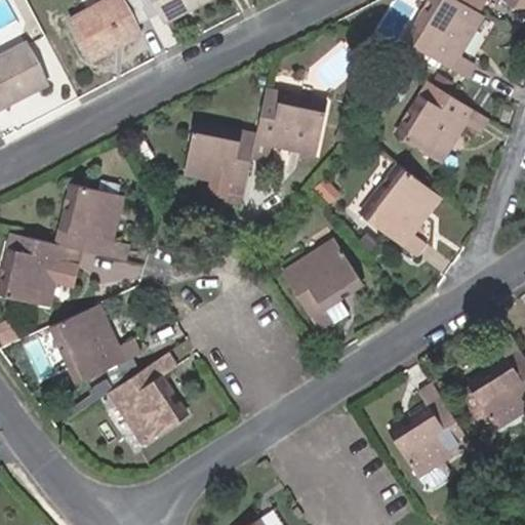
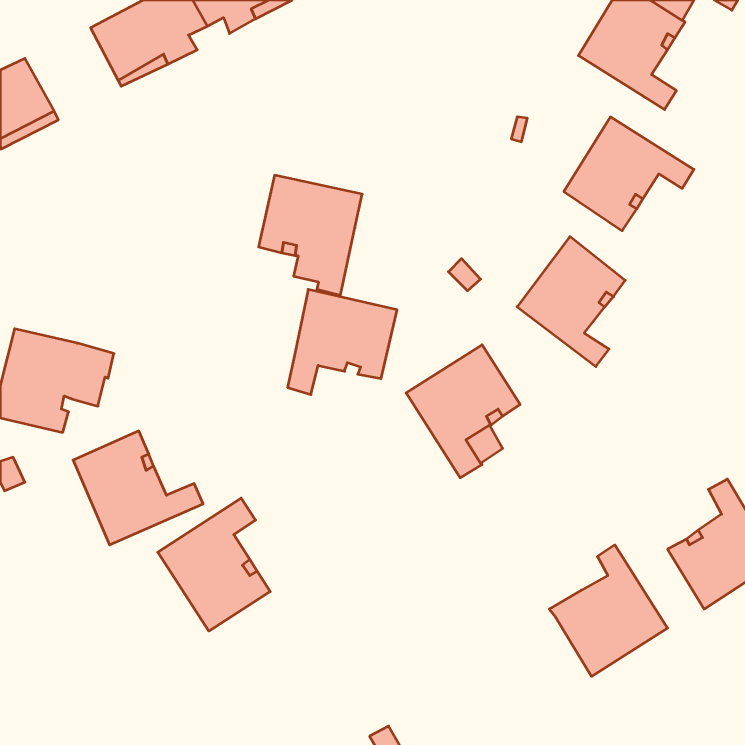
building: [250,92,327,166] -> [288,289,397,395]
building: [55,180,130,260] -> none

